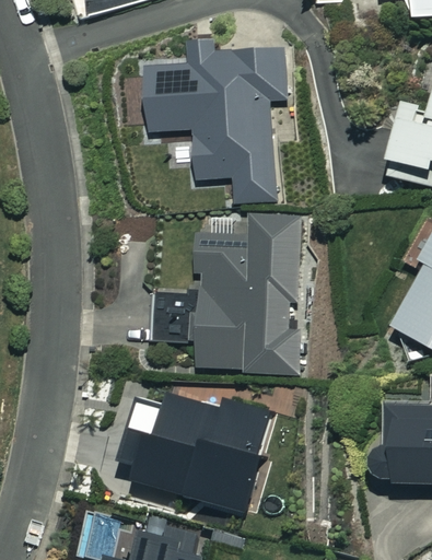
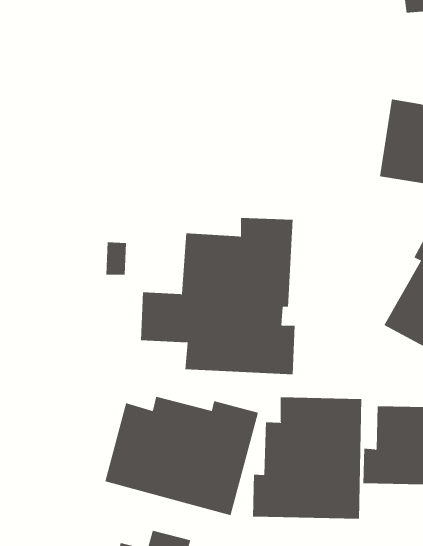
building: [141,38,289,202] -> none
building: none -> [253,397,362,520]

